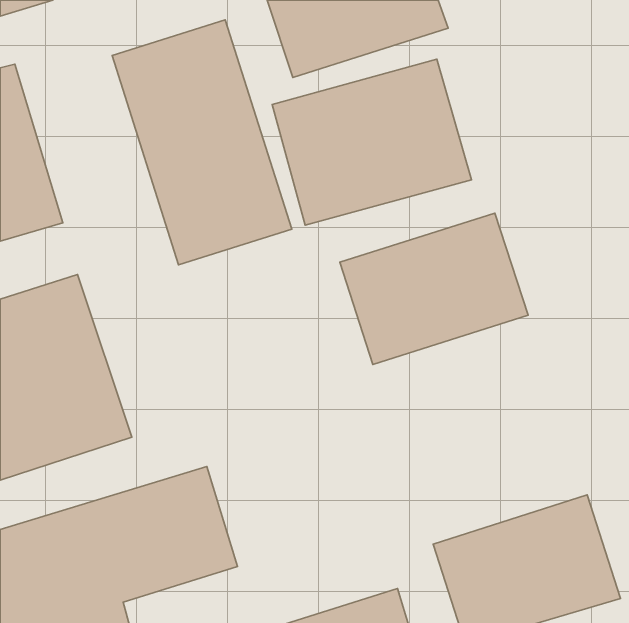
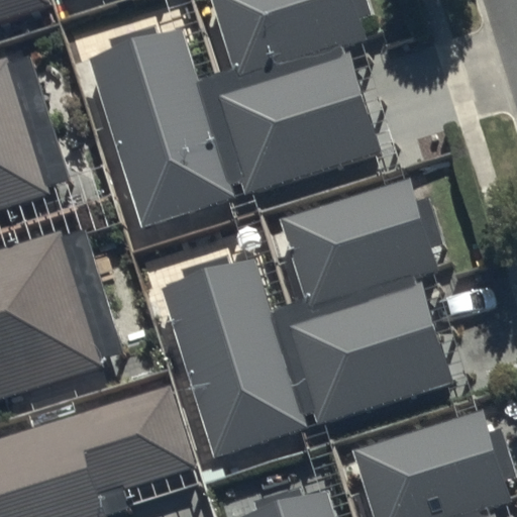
building: none -> [158,256,305,457]
building: none -> [289,289,451,425]

